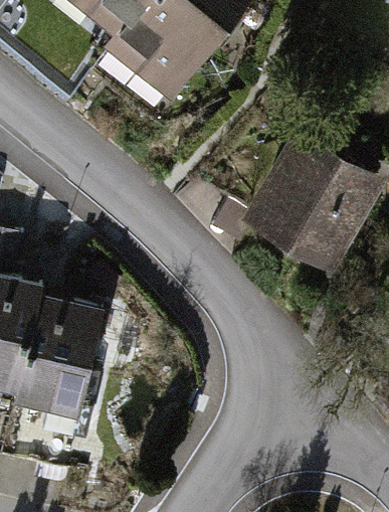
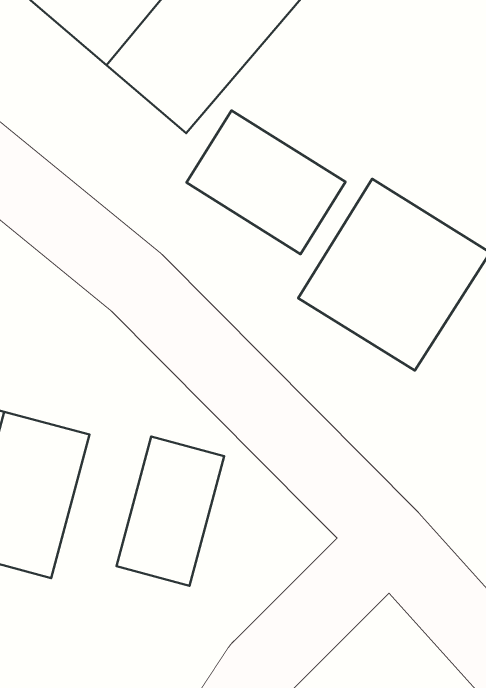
building: none -> [186,110,346,254]
building: none -> [116,437,224,586]

